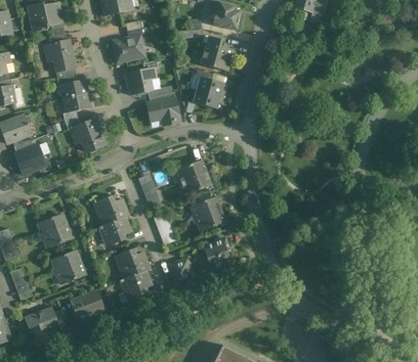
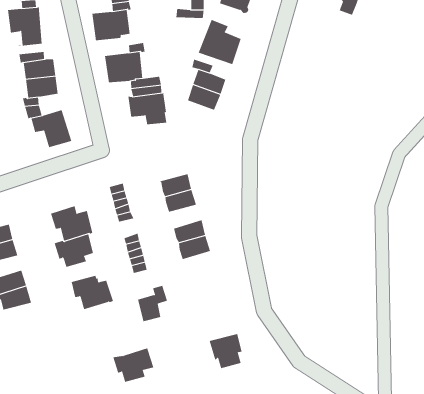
building: [202,238,229,268] -> [209,333,243,369]
building: [118,270,152,300] -> [113,348,154,383]
building: [69,290,103,320] -> none

